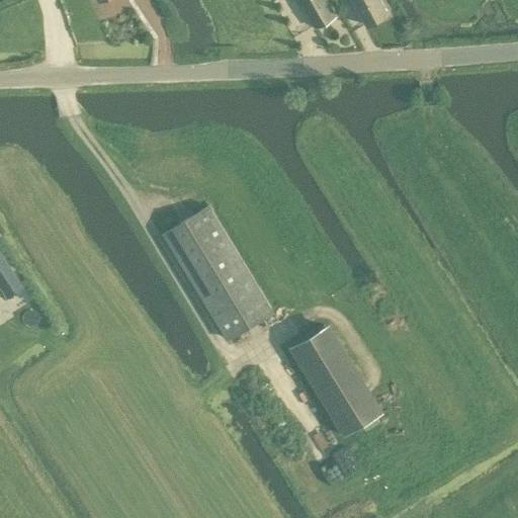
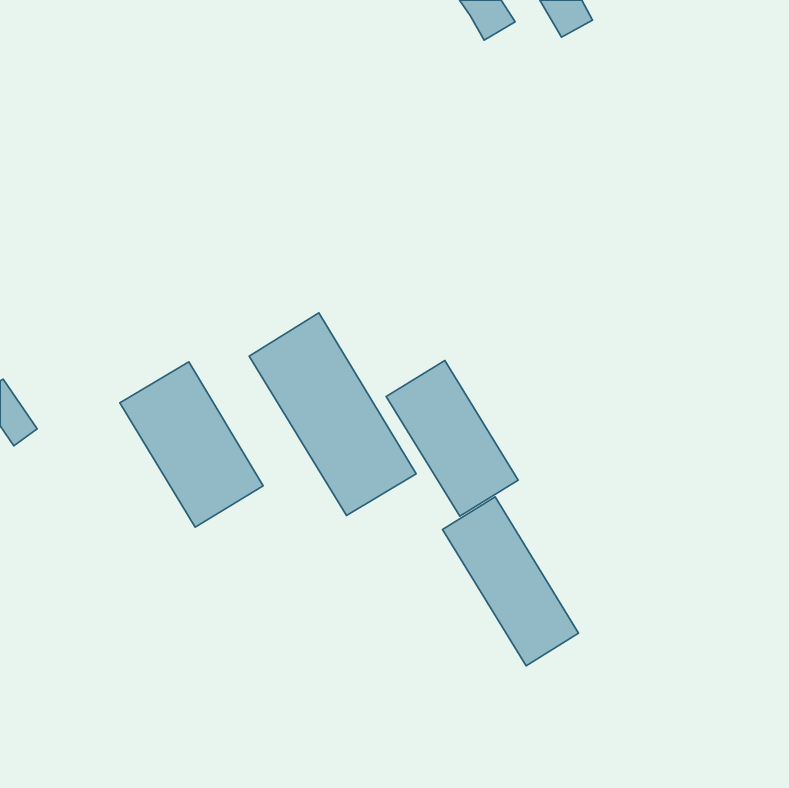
building: none -> [386,361,518,516]
building: none -> [120,362,263,527]

